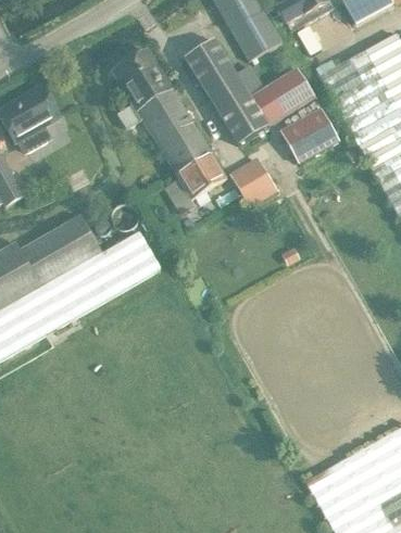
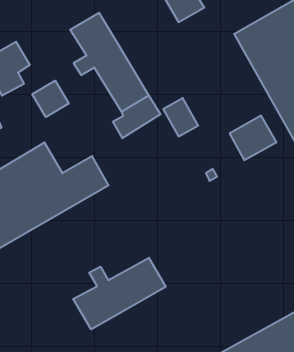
building: [185,39,316,145] -> none
building: [280,107,340,164] -> [230,116,277,160]
building: none -> [32,81,69,117]
building: none -> [73,258,166,329]

